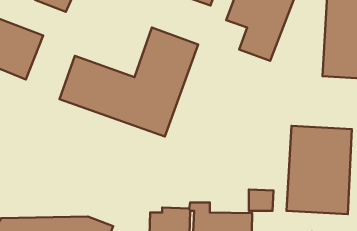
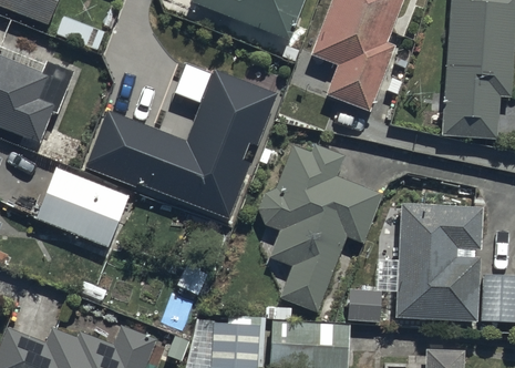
building: none -> [265,140,384,313]
building: none -> [34,166,126,245]

